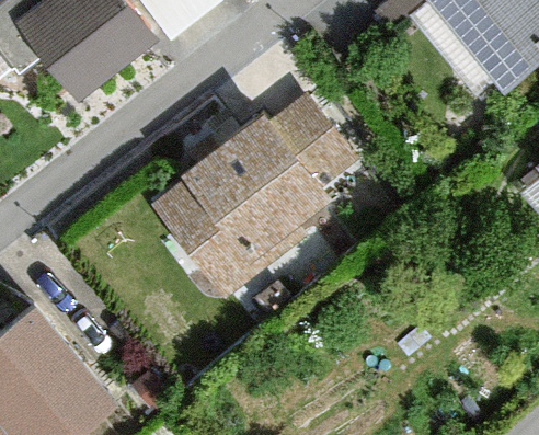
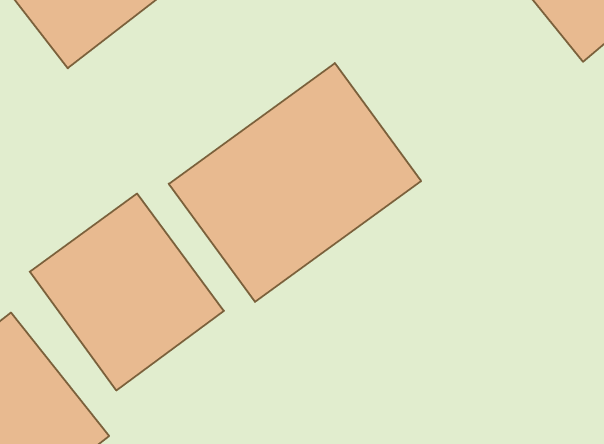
building: none -> [30,194,224,390]

